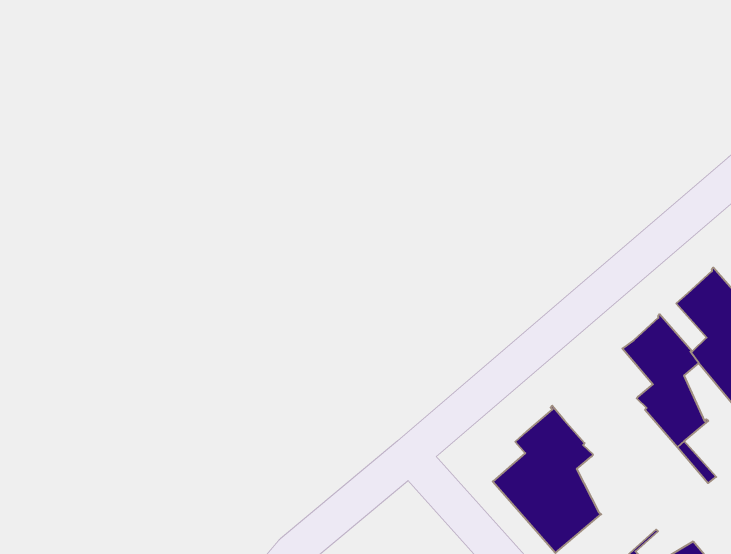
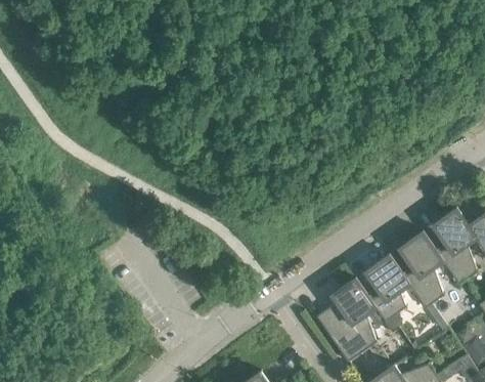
building: none -> [361,255,409,324]

